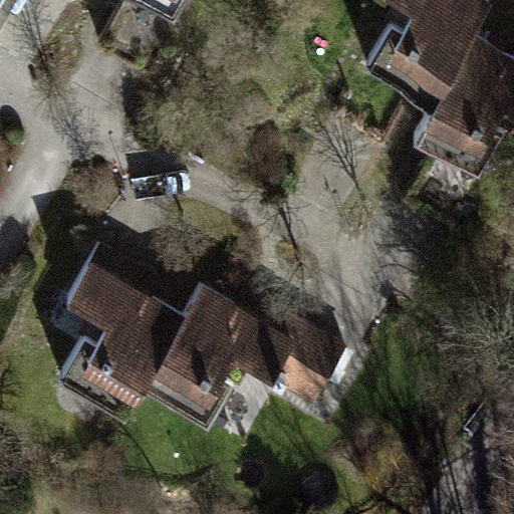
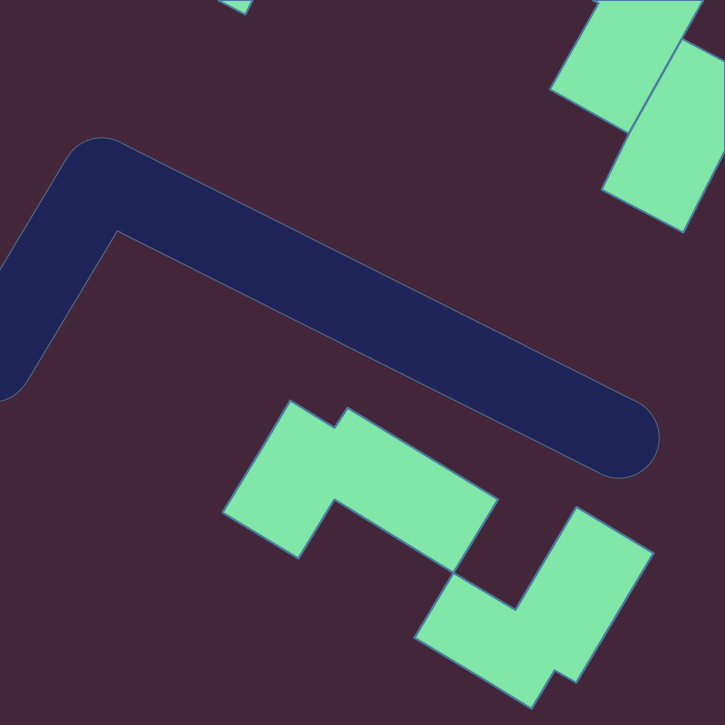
building: [63,248,184,420] -> none
building: none -> [414,507,654,709]

